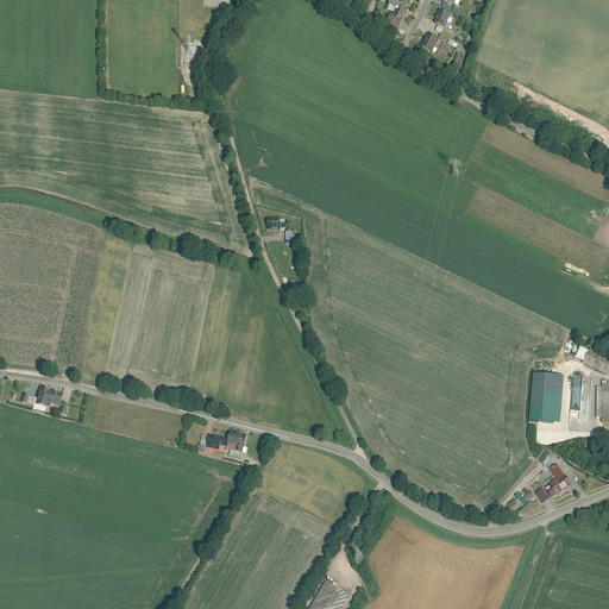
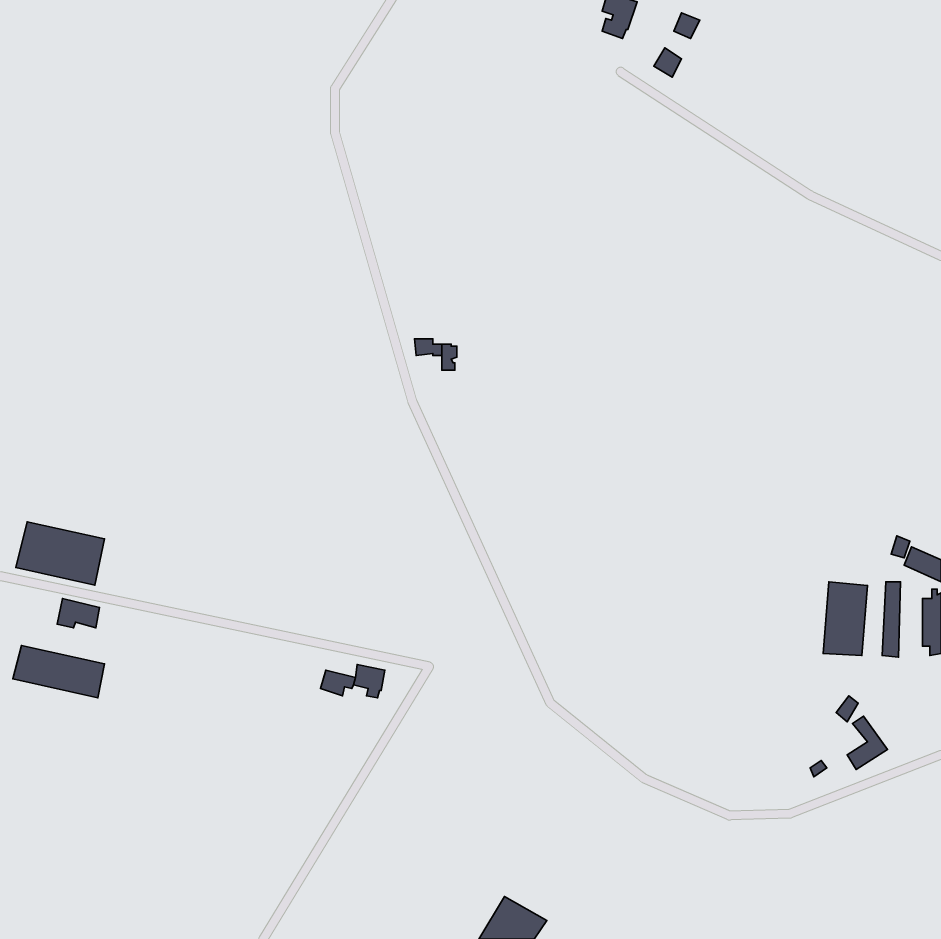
building: none -> [16,522,104,585]
building: none -> [13,645,105,698]

